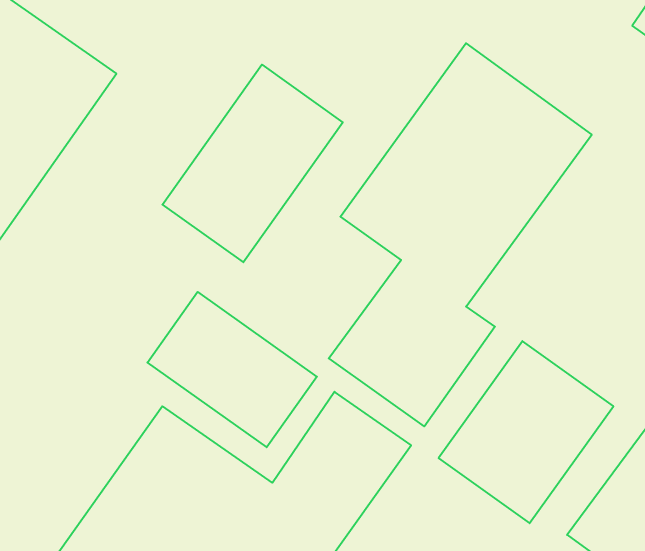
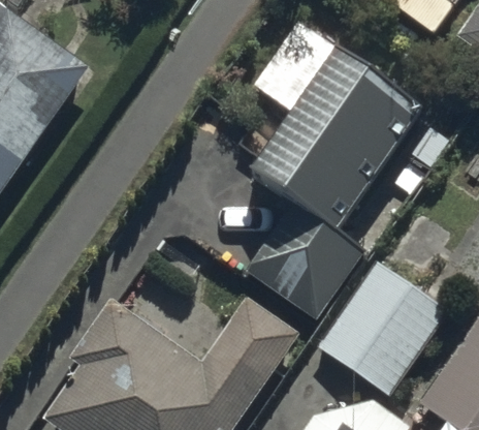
building: [162,65,343,262] -> none
building: [147,292,317,447] -> none

